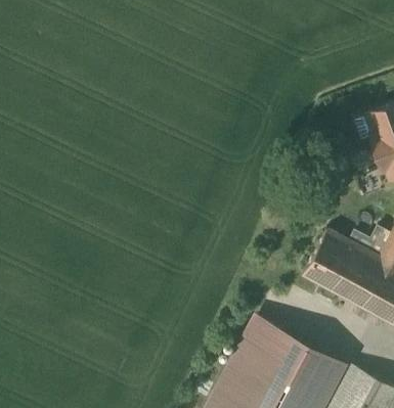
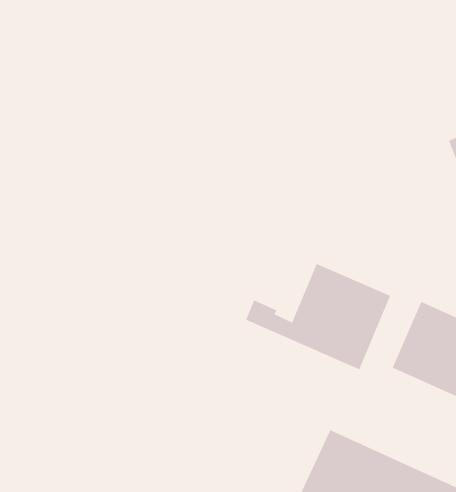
building: none -> [246,263,391,370]

